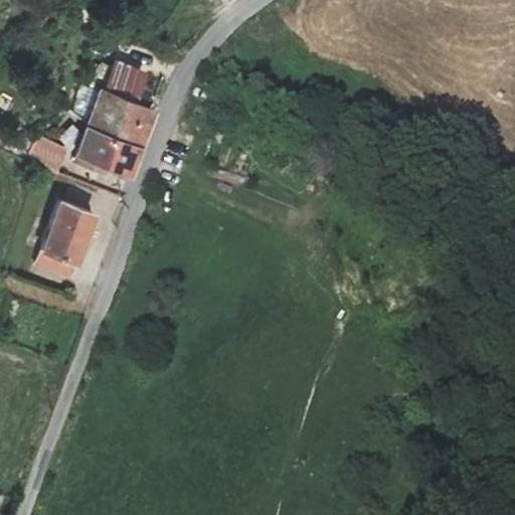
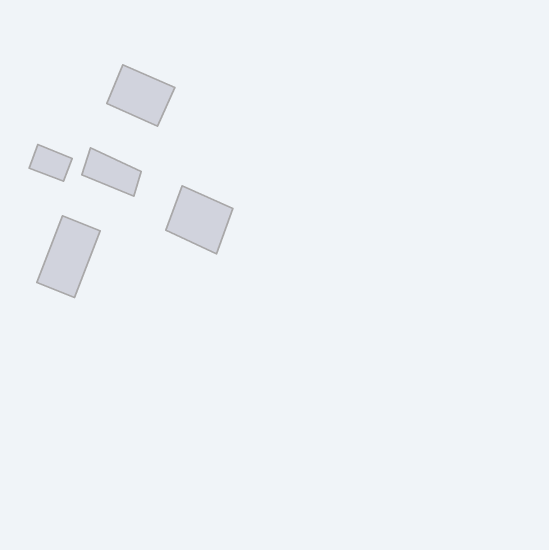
building: [87,97,149,160] -> [166,186,233,254]

